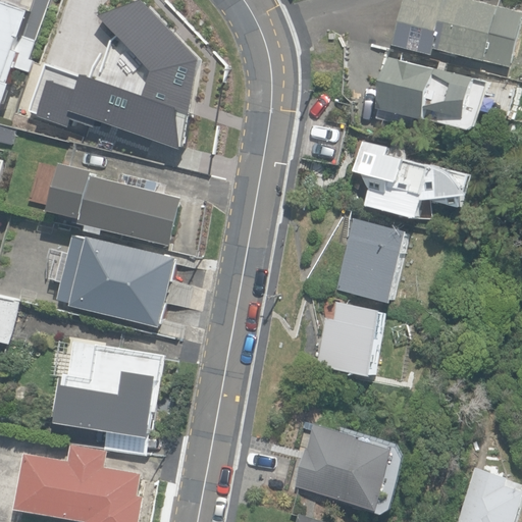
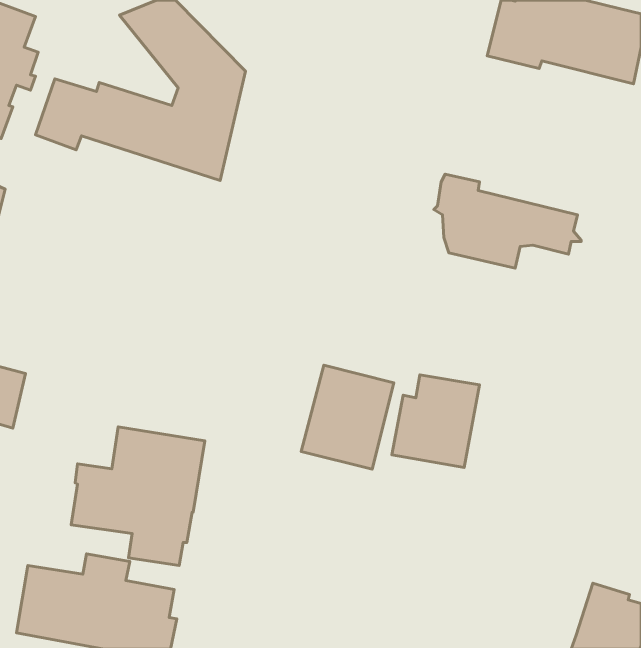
building: [366,50,484,133] -> none
building: [41,160,178,246] -> none
building: [333,219,408,303] -> [301,365,394,469]
building: [59,236,176,327] -> none
building: [292,424,395,510] -> none

